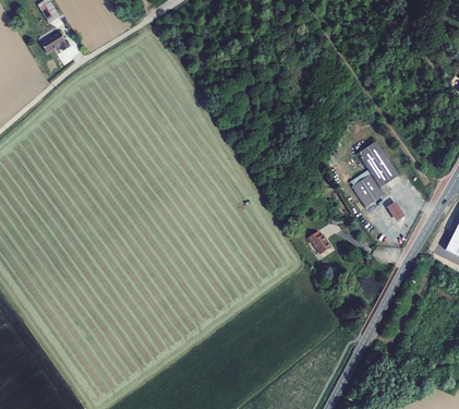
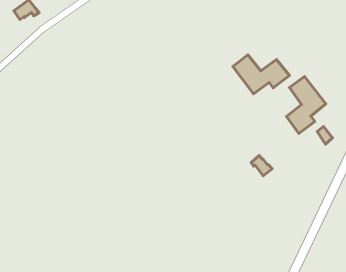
building: none -> [233,55,289,94]

